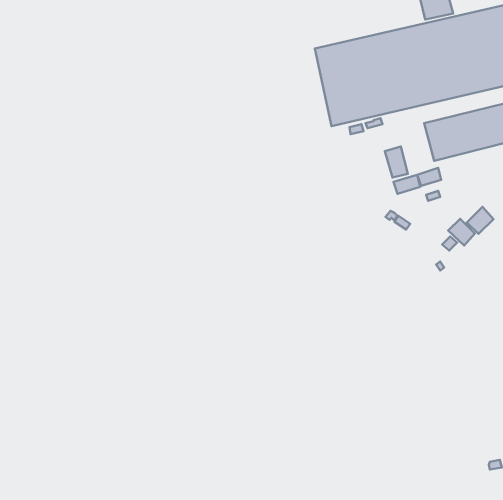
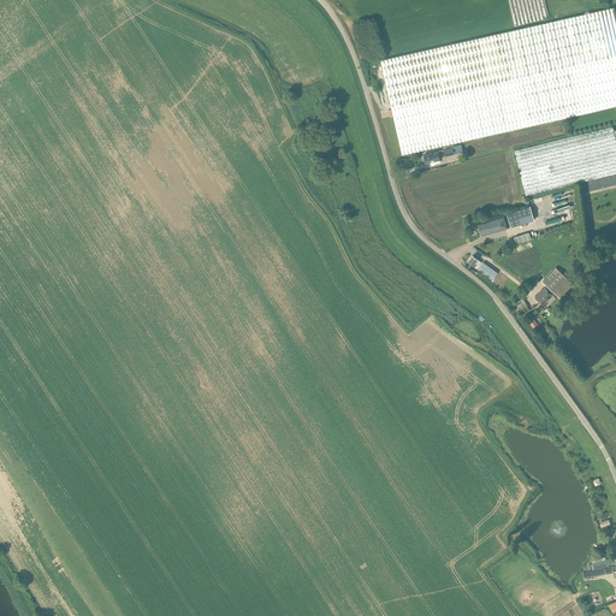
building: [385,147,408,178] -> none
building: [467,207,494,234] -> none

